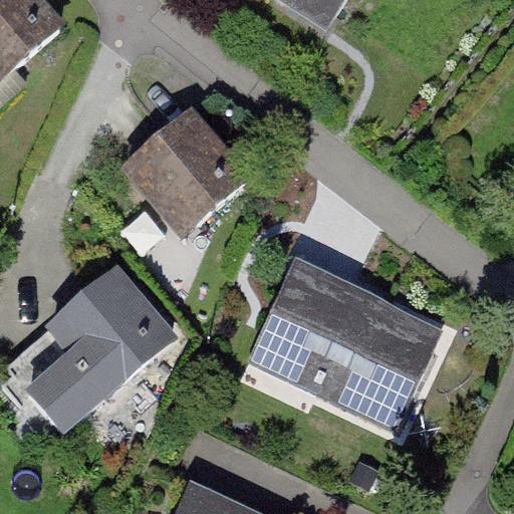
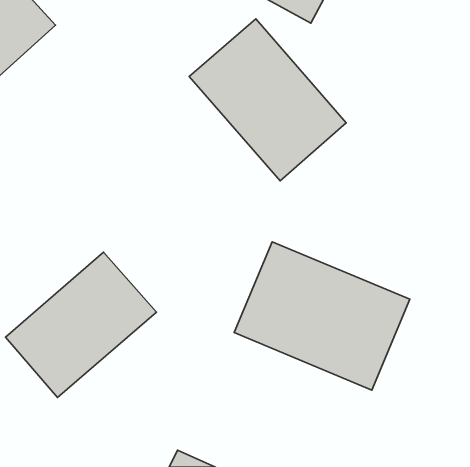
building: none -> [189,19,346,181]
building: [126,115,244,233] -> none

